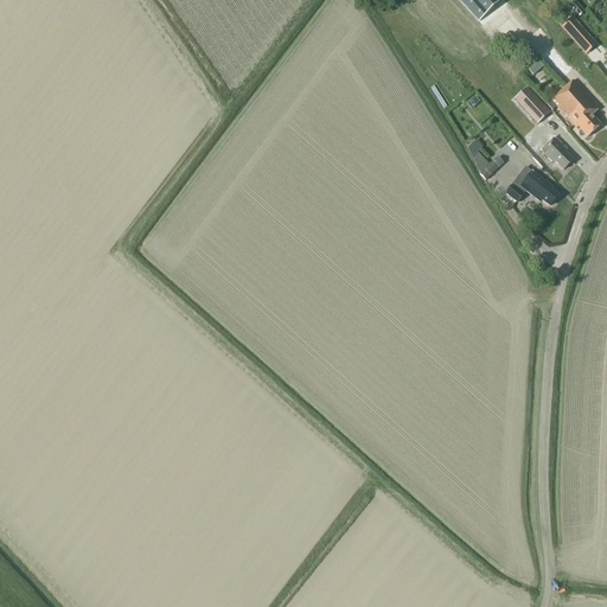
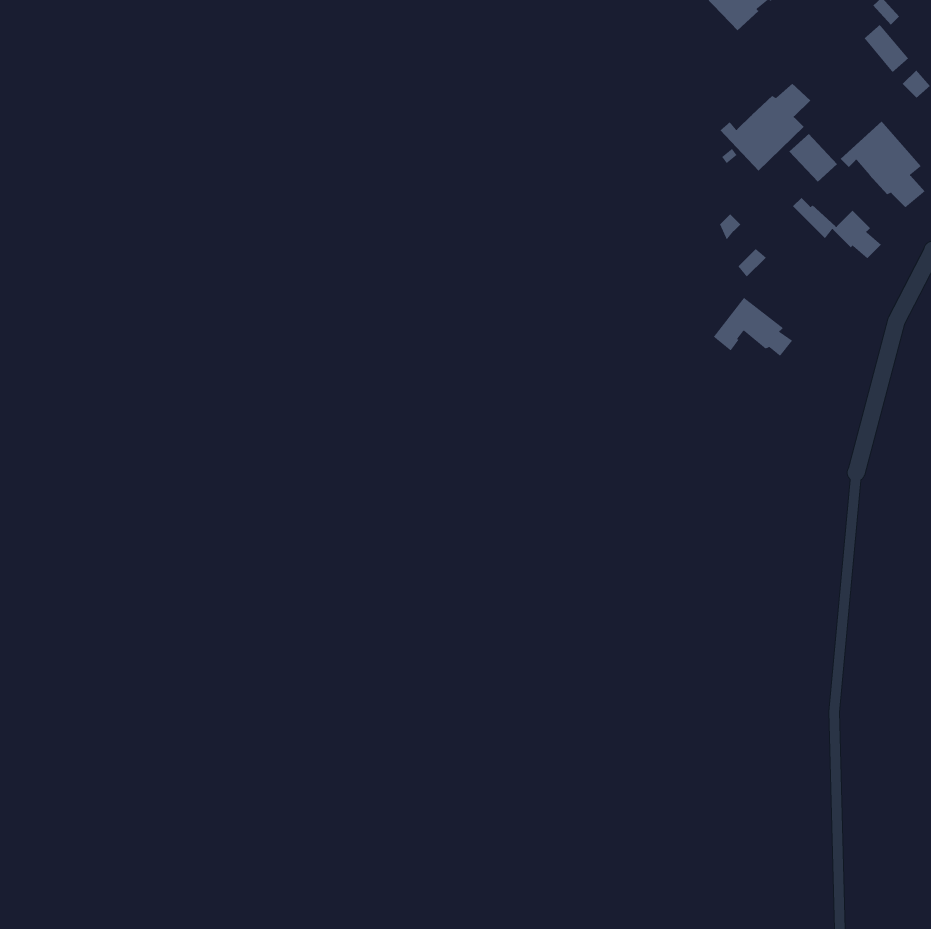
building: none -> [720,83,811,172]
building: [506,166,558,205] -> [713,297,793,357]

